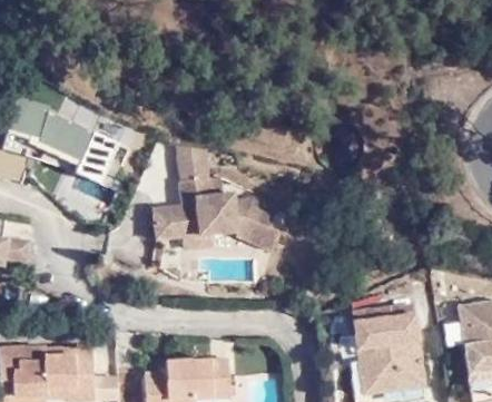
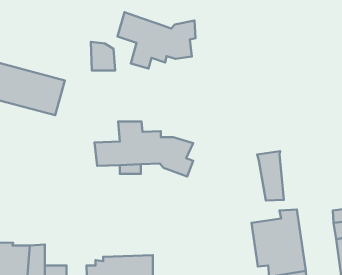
building: none -> [118,12,196,69]
building: [184,151,215,188] -> [91,42,115,71]
building: none -> [257,151,284,201]

